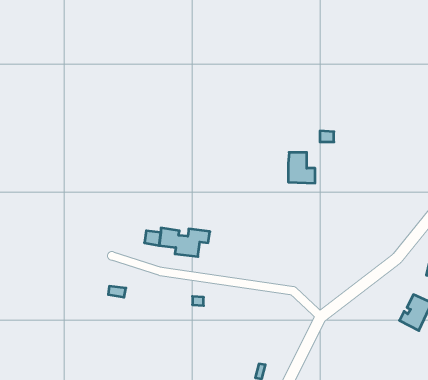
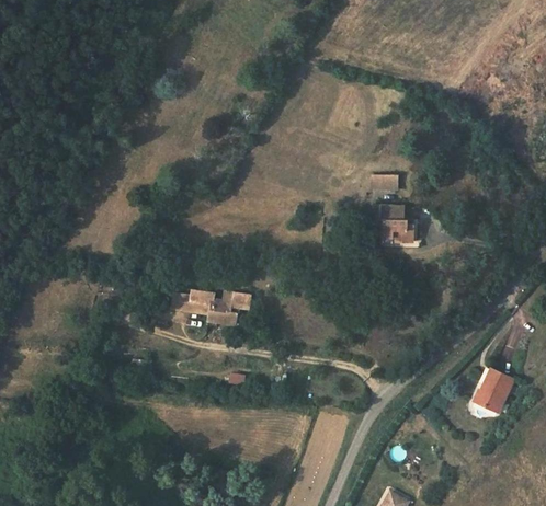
building: [288,152,315,183] -> [383,206,414,242]

